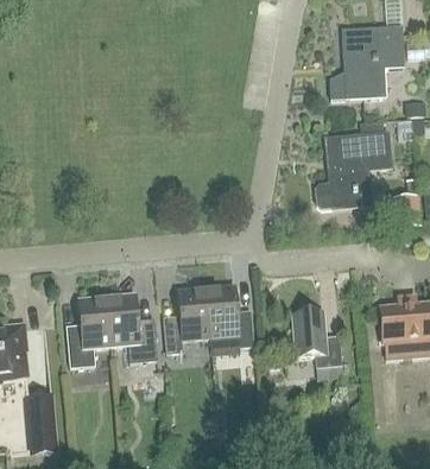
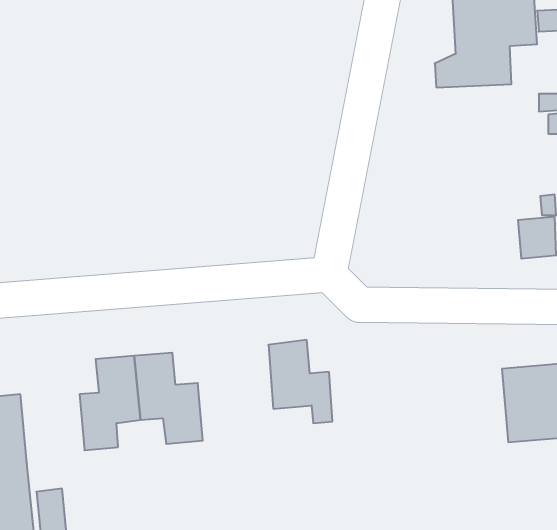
building: [315,133,390,207] -> none
building: [163,289,209,353] -> none
building: [292,310,342,379] -> none

